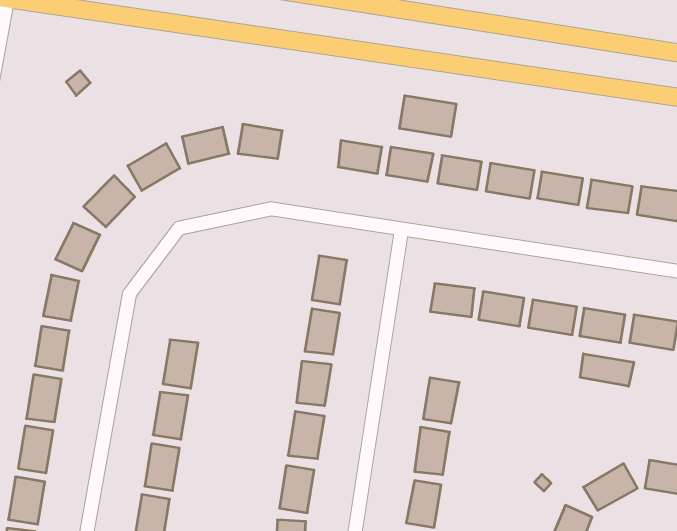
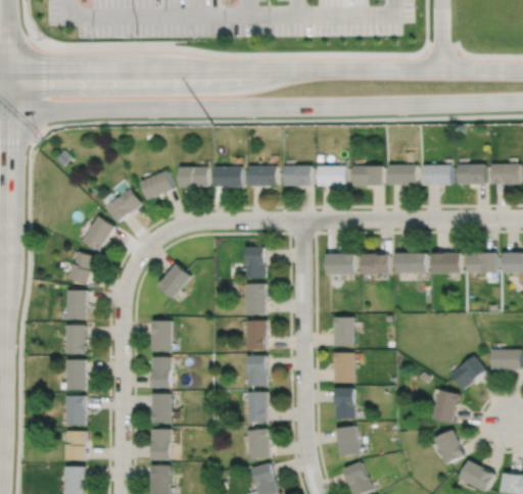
building: [399,96,456,137] -> none
building: none -> [213,166,242,186]
building: none -> [158,263,191,297]
building: [580,354,634,386] -> none

